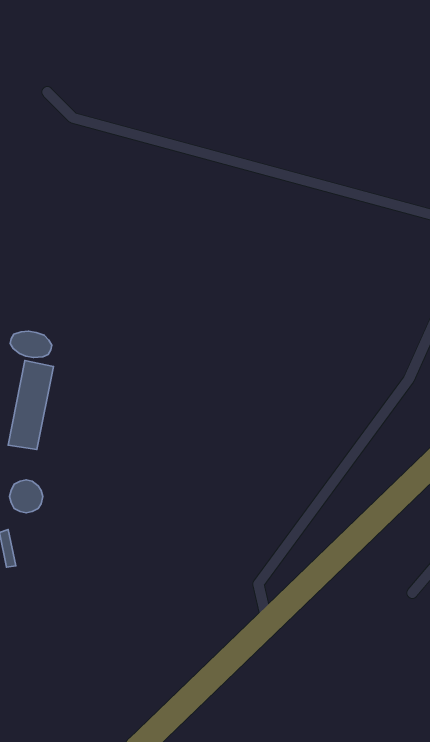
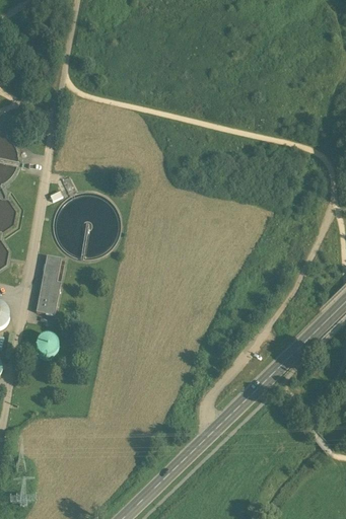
building: [10,331,52,358] -> none

